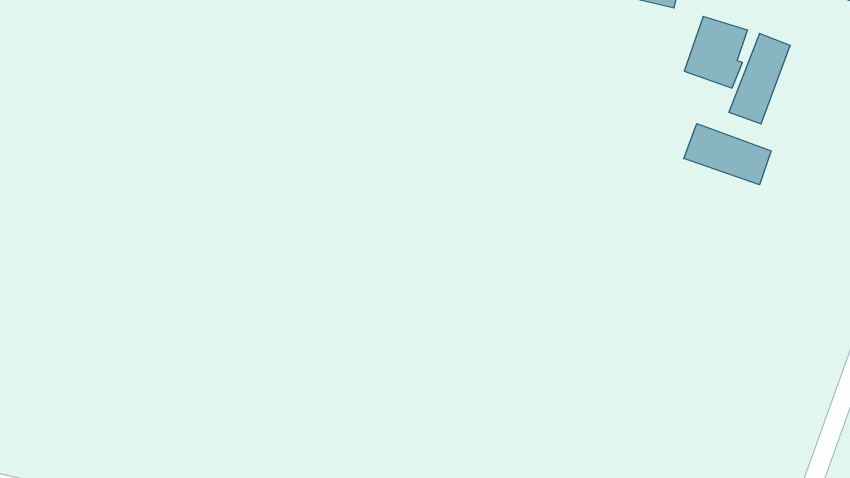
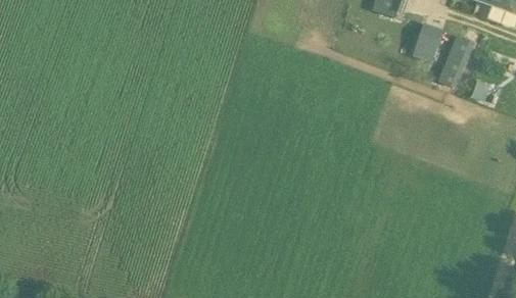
building: [684,124,771,185] -> none

